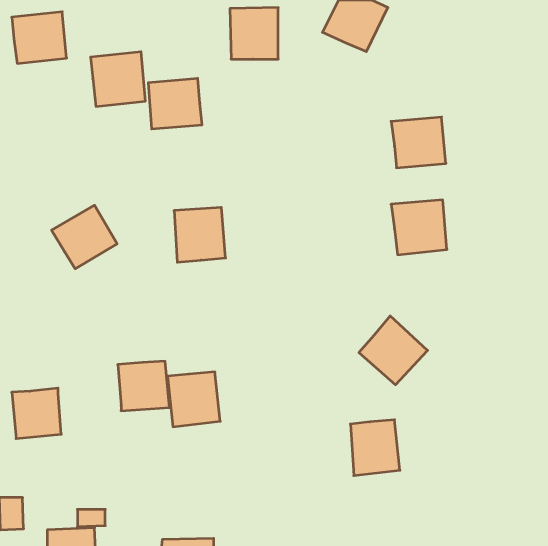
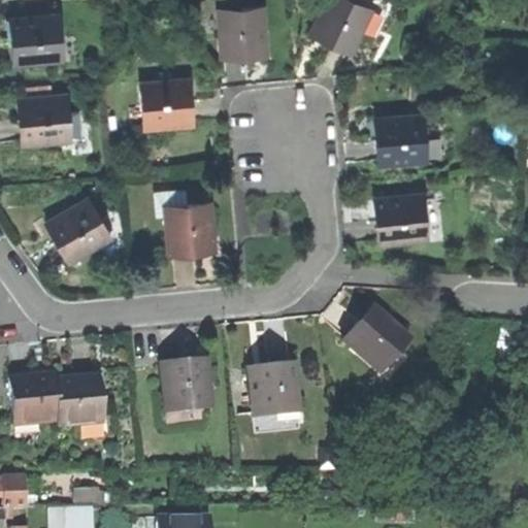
building: [91,52,145,106] -> [20,94,72,146]
building: [118,361,169,411] -> [56,377,105,425]
building: [350,420,400,476] -> [252,364,299,418]

